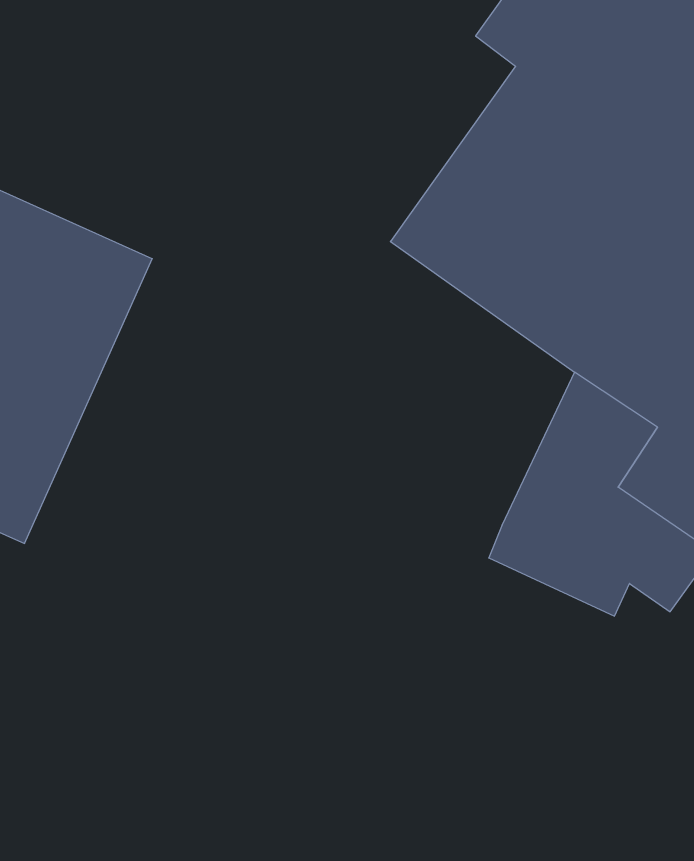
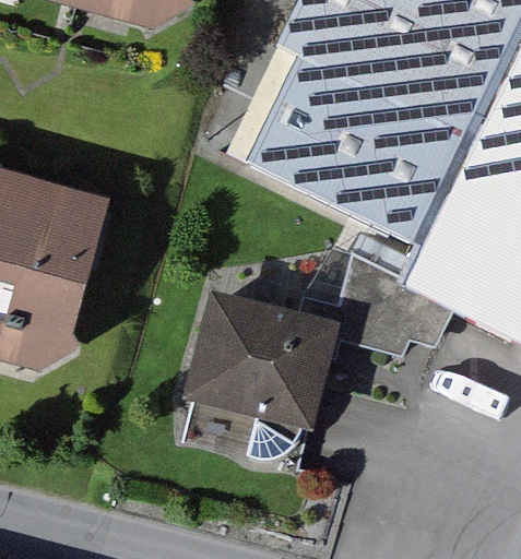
building: none -> [185,288,333,427]

